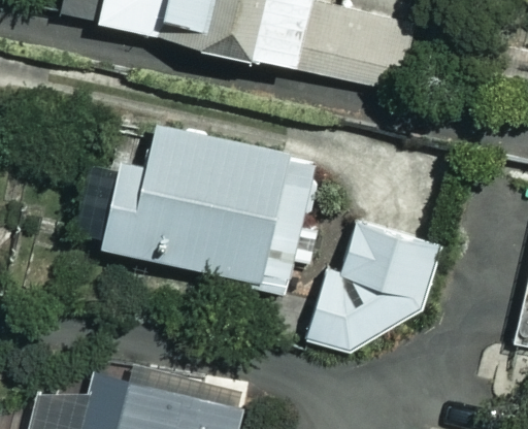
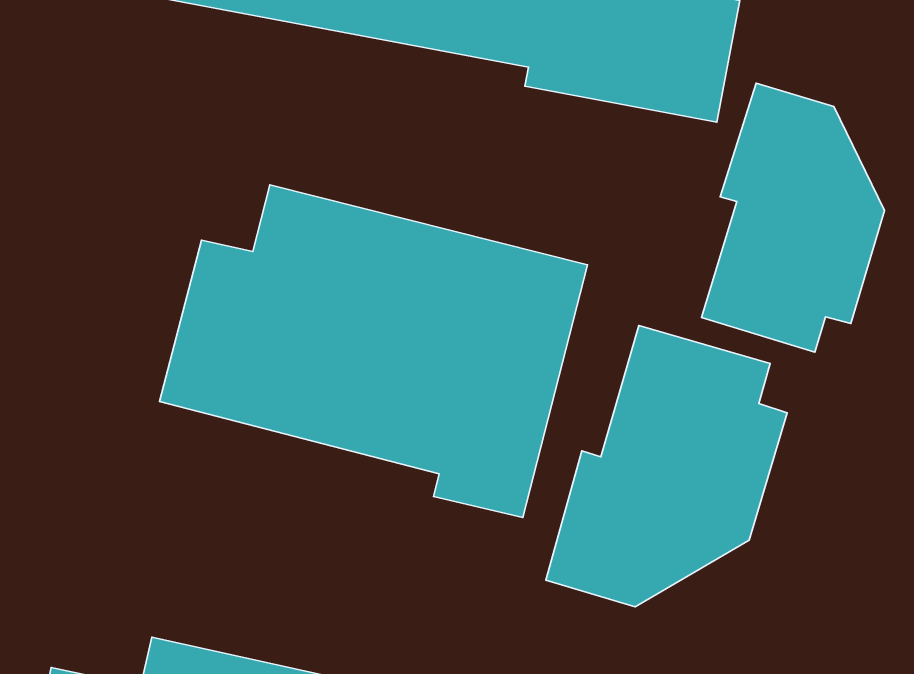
building: none -> [701,83,884,352]

